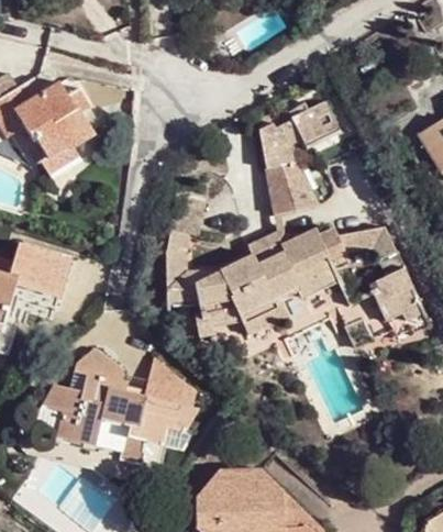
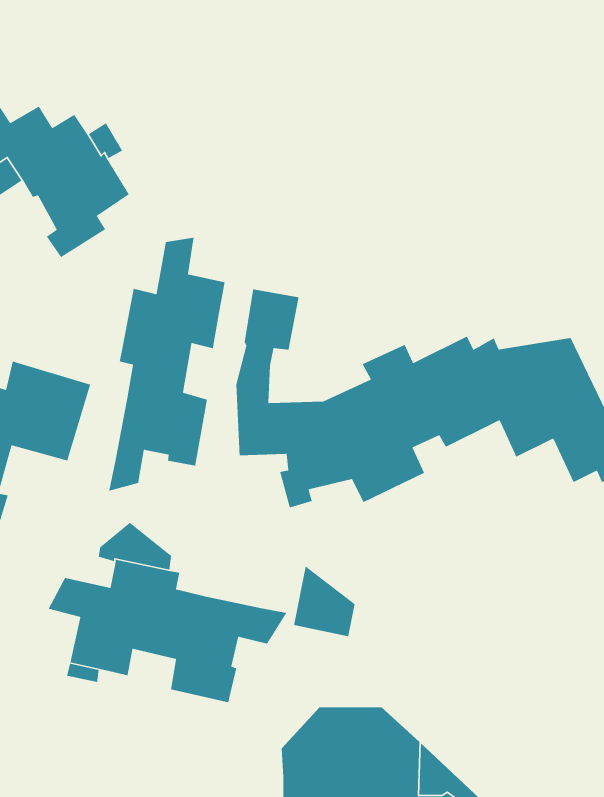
building: [258,100,342,214] -> none
building: none -> [108,237,226,492]
building: [145,356,186,403] -> [293,565,355,637]

